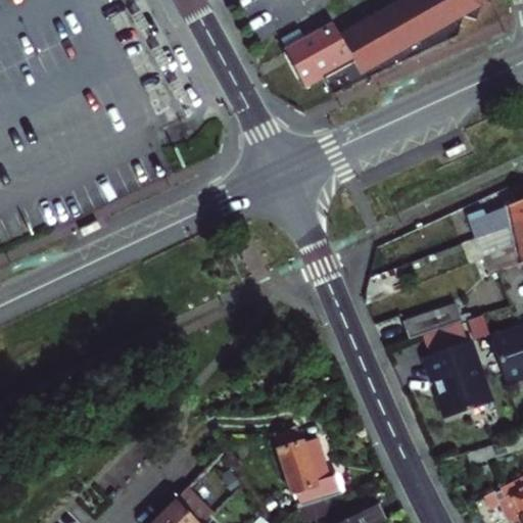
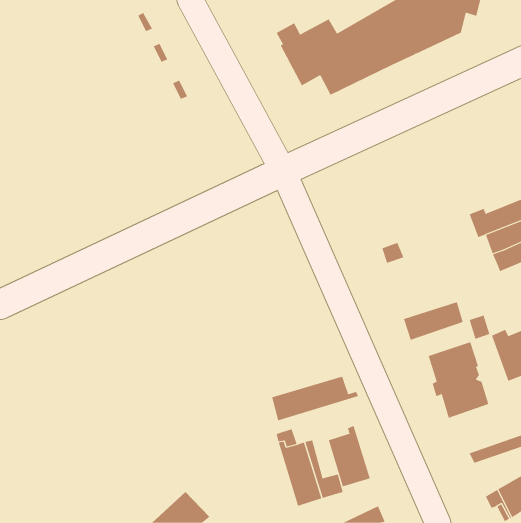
building: none -> [271,376,359,421]
building: none -> [328,425,371,487]

